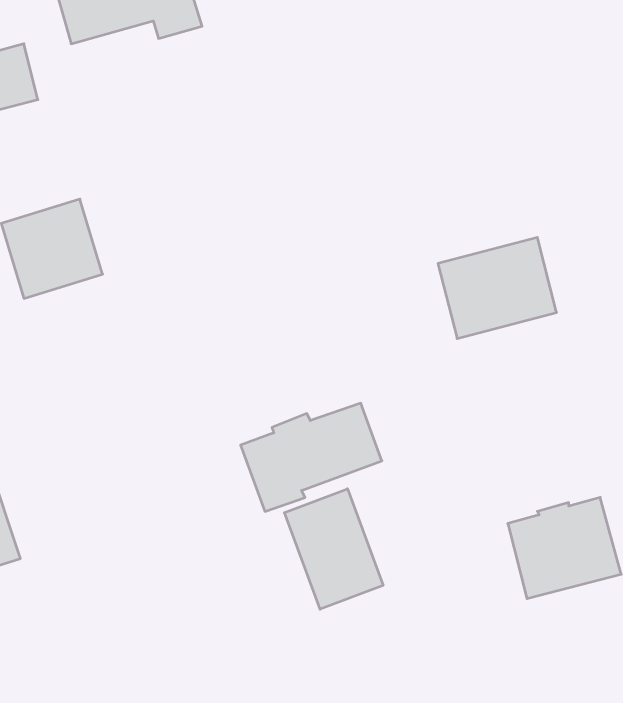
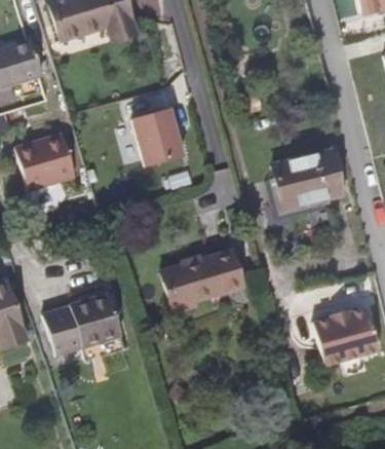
building: none -> [132,110,183,167]
building: none -> [45,297,123,360]
building: [284,489,383,609] -> none

